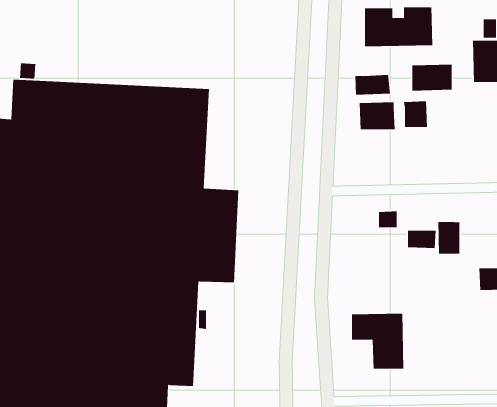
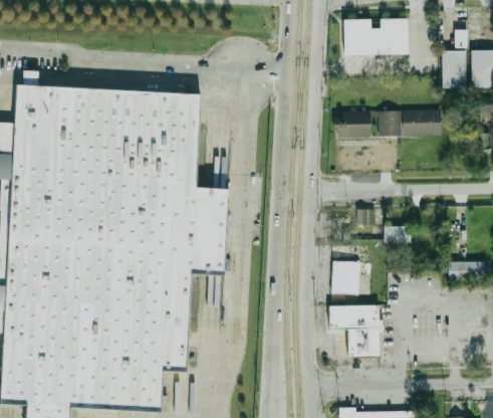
building: [411,64,452,91] -> [405,106,443,131]
building: [355,74,390,95] -> none
building: [438,221,460,254] -> none
building: none -> [334,261,360,293]

